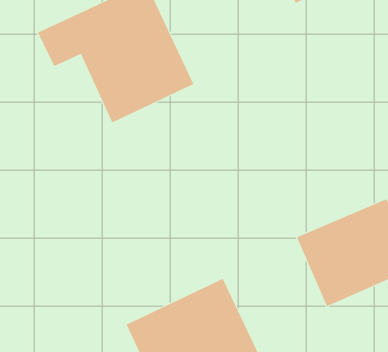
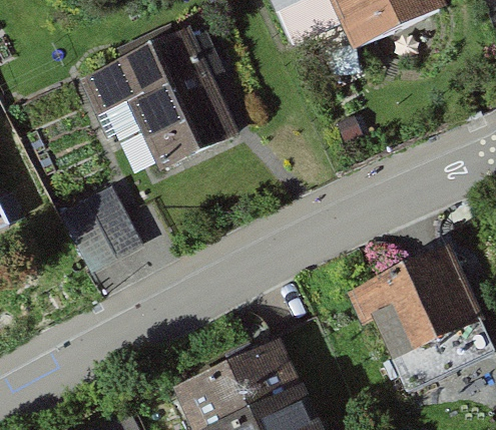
building: none -> [58,187,134,269]

